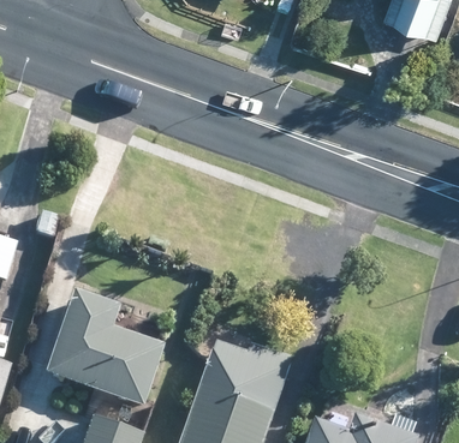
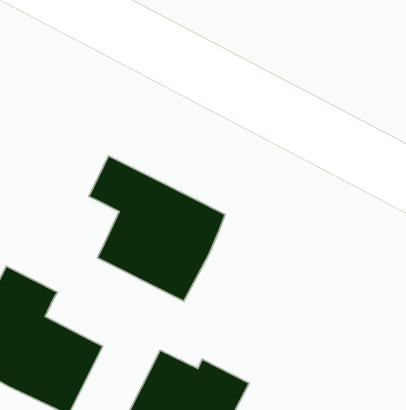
building: none -> [89,156,225,301]

